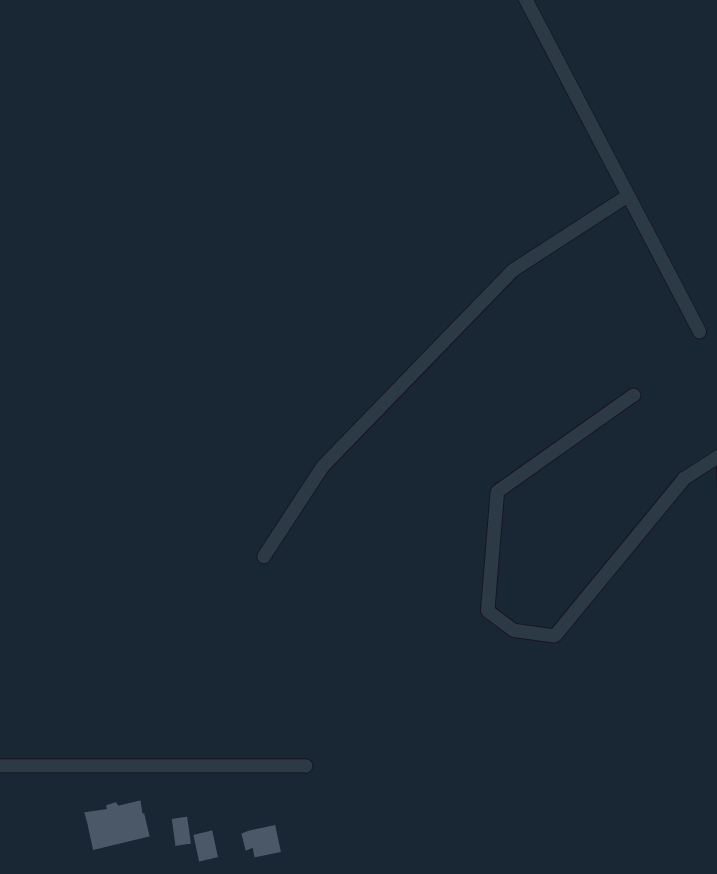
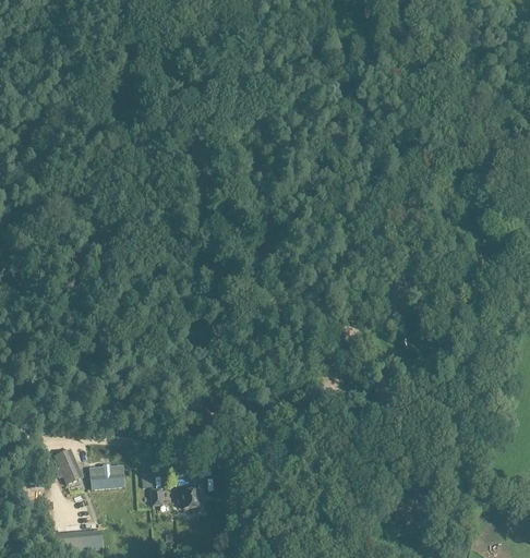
building: none -> [52,449,80,484]

